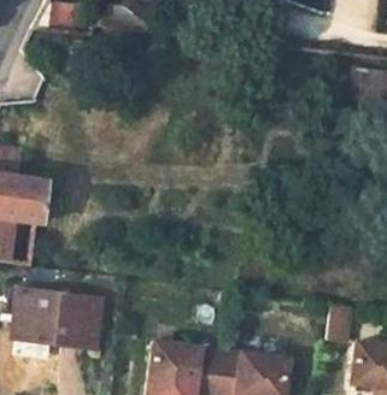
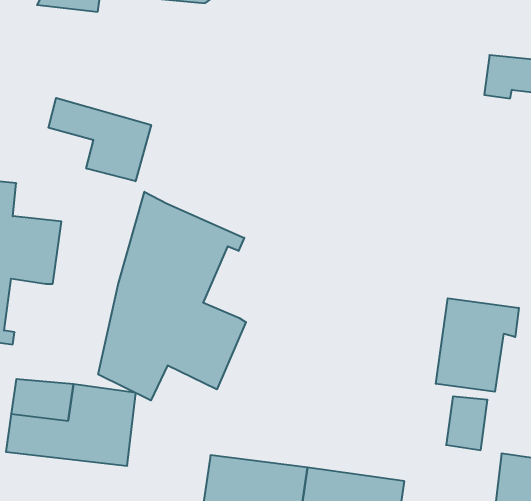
building: none -> [48,98,151,181]
building: none -> [98,192,246,400]
building: none -> [436,298,519,392]

